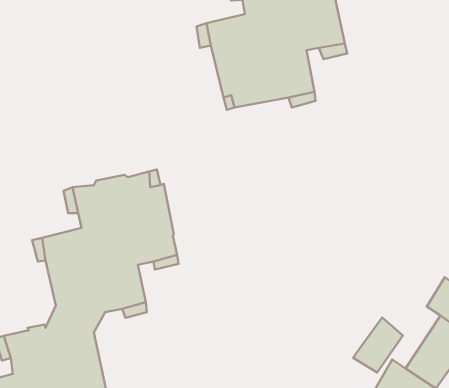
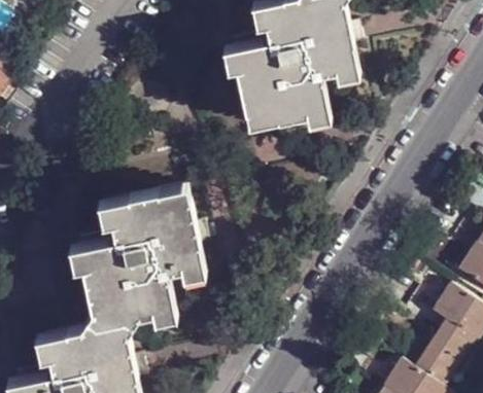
building: [353,318,403,373] -> none

